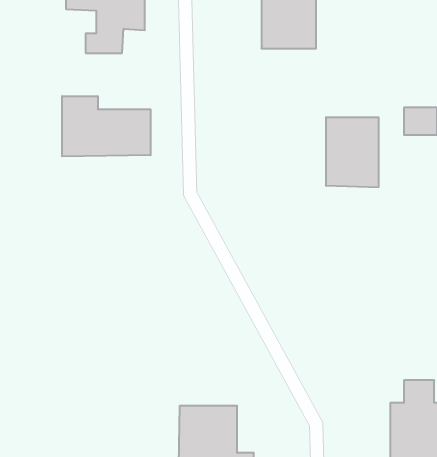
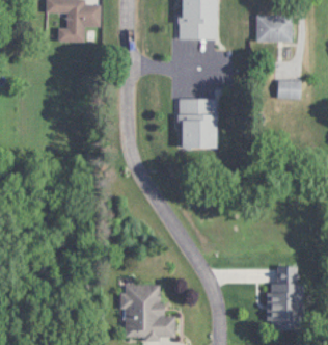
building: none -> [256,16,292,42]
building: [62,96,151,156] -> none
building: [326,117,379,187] -> [180,101,216,149]

